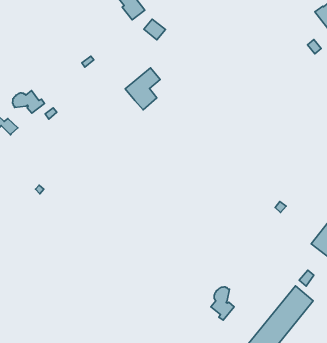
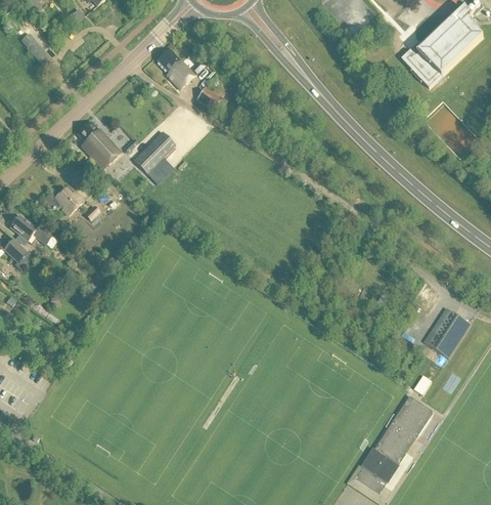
building: none -> [76,120,120,168]
building: [125,68,160,110] -> [132,131,174,183]
building: [211,287,234,320] -> none

